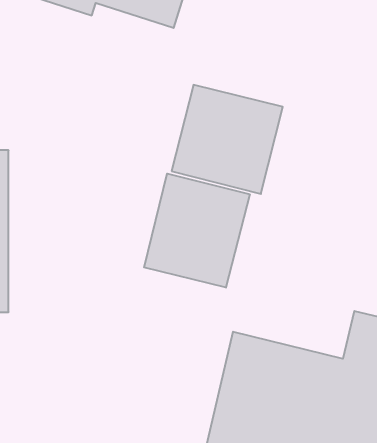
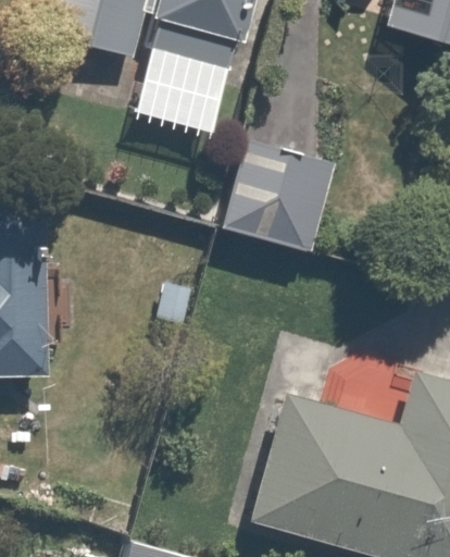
building: [144,174,250,288] -> none

